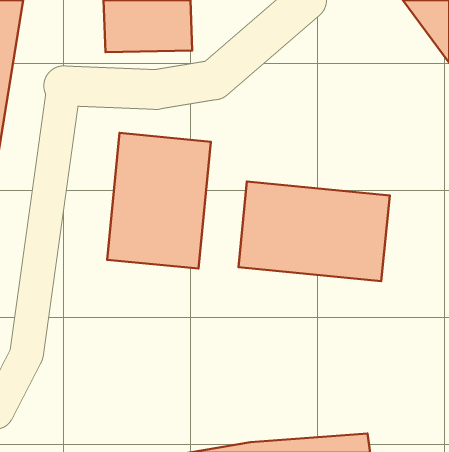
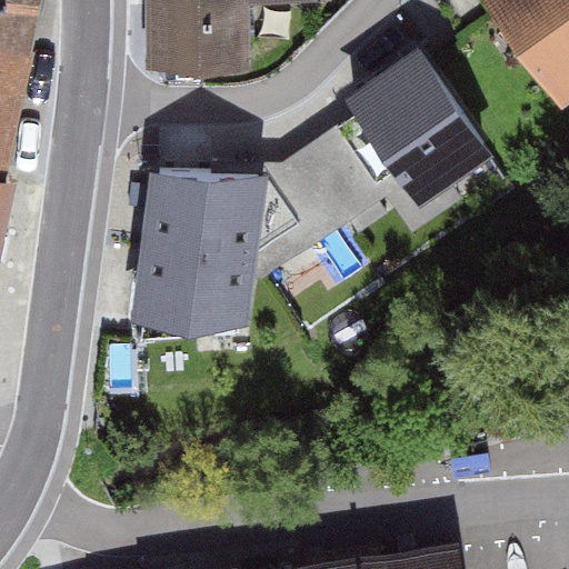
building: none -> [347,56,495,213]
building: [238,181,390,281] -> none

